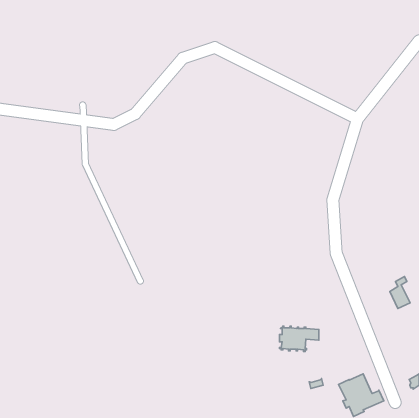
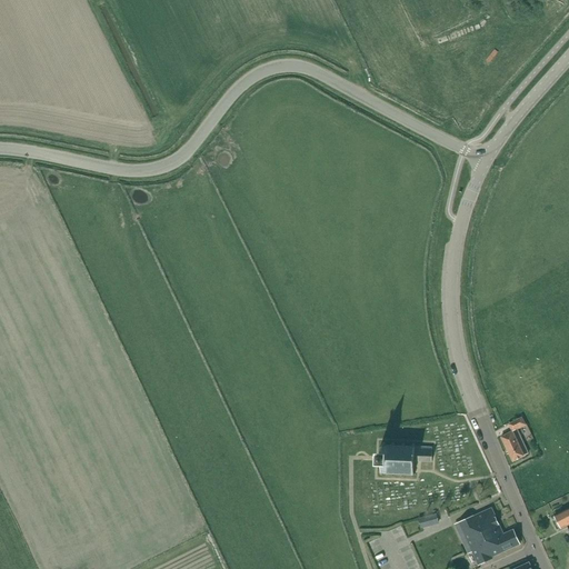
building: [390,277,410,309] -> [501,417,529,460]

